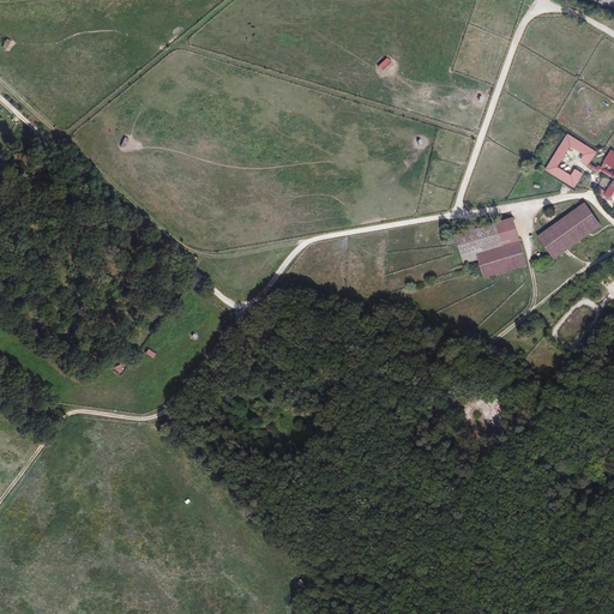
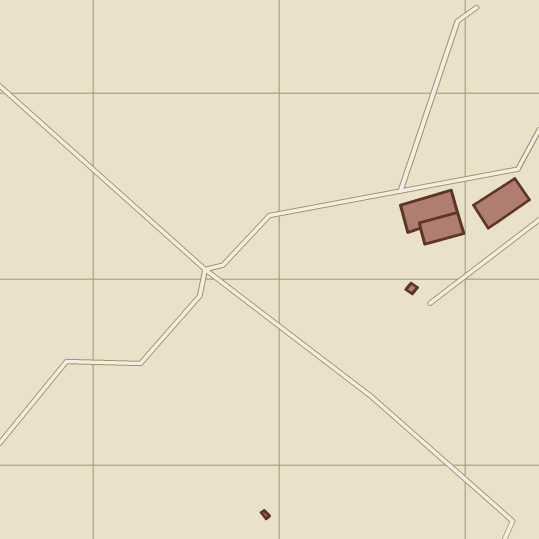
building: [543,133,596,188] -> none

